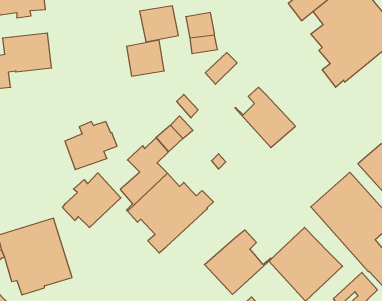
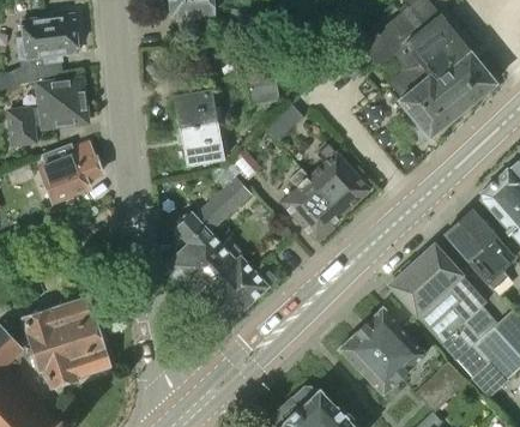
building: [140,6,178,42] -> [180,125,225,167]
building: none -> [282,168,343,242]
building: [65,122,117,170] -> [41,144,102,200]
building: [62,173,121,228] -> none
building: [204,230,272,294] -> none

